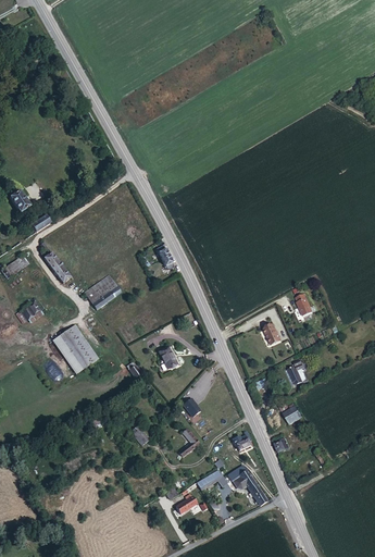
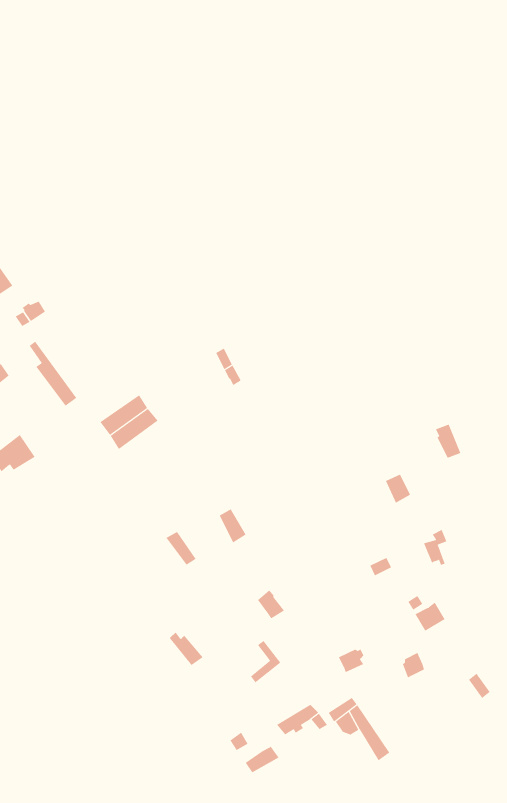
building: [53,325,98,374] -> none

